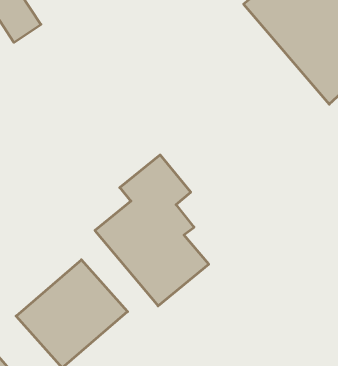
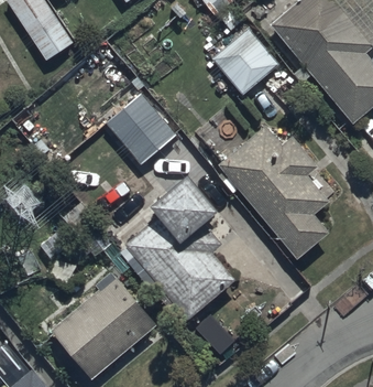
building: none -> [212,30,278,95]
building: none -> [105,93,176,165]
building: none -> [217,123,329,258]

